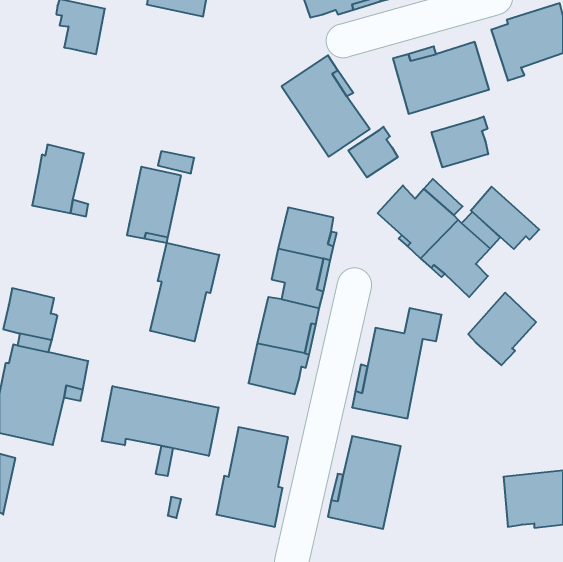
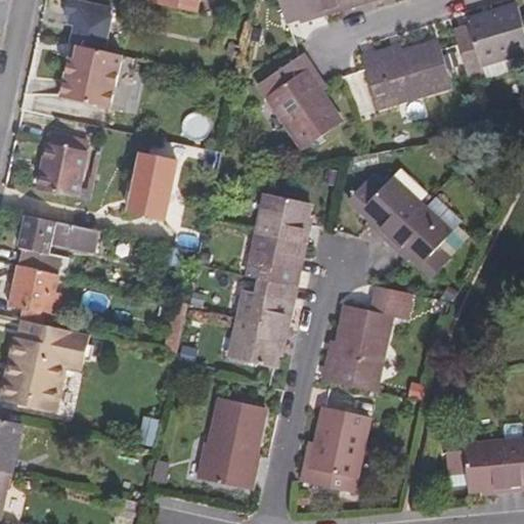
building: none -> [54,46,116,110]
building: [432,116,488,167] -> none
building: [348,127,398,177] -> none
building: [471,187,539,249] -> none
building: none -> [7,216,92,272]
building: [150,243,219,341] -> none
building: [468,293,536,365] -> none
building: [102,386,219,456] -> none

